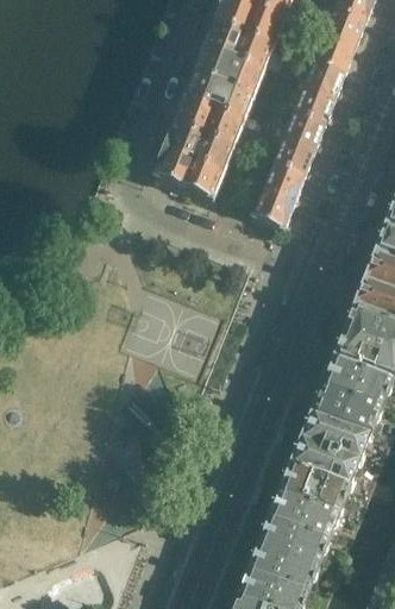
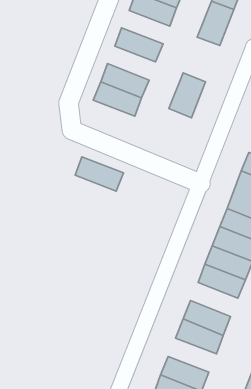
building: [206,18,275,65] -> none
building: [294,56,346,120] -> none
building: [186,69,255,118] -> none
building: [156,146,225,195] -> [75,157,124,191]
building: [253,158,306,224] -> none
building: [305,407,372,456] -> none
building: [272,486,341,535] -> none

